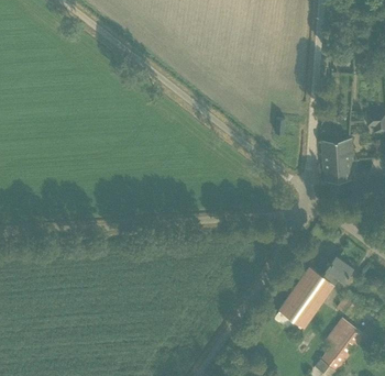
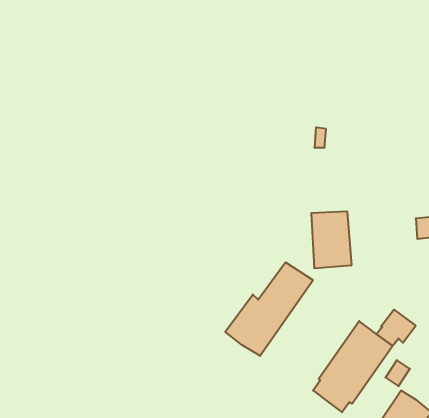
building: [321,139,352,181] -> [311,212,352,268]
building: none -> [225,262,313,356]

